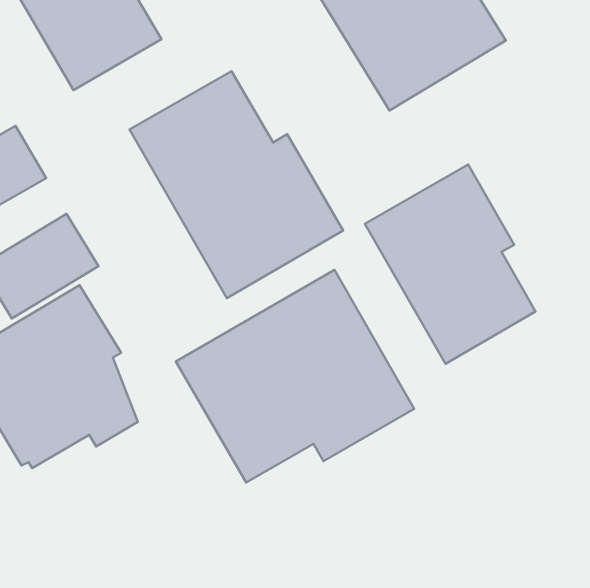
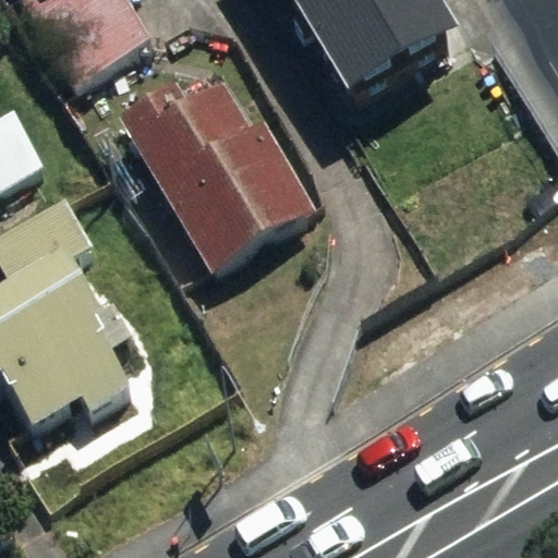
building: [365,165,535,364] -> none
building: [176,270,414,482] -> none

